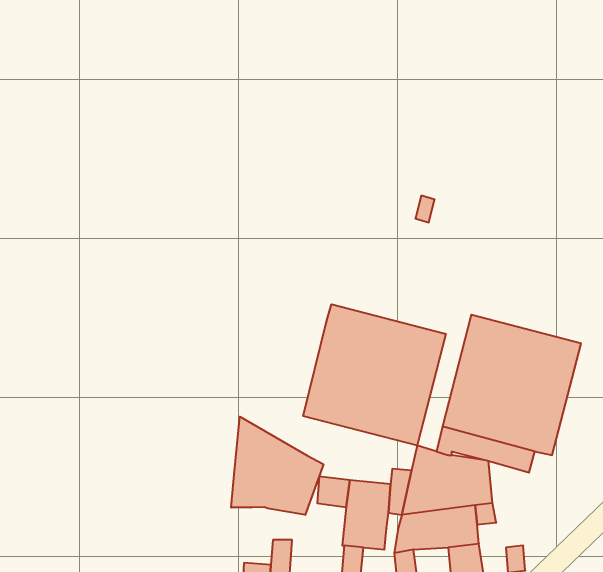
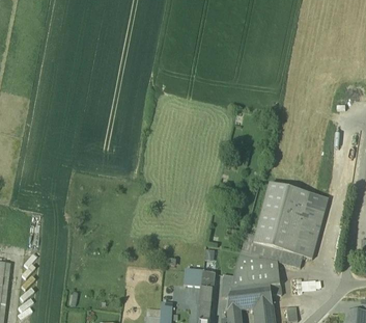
building: [303,304,446,446] -> none
building: [231,417,323,515] -> none

